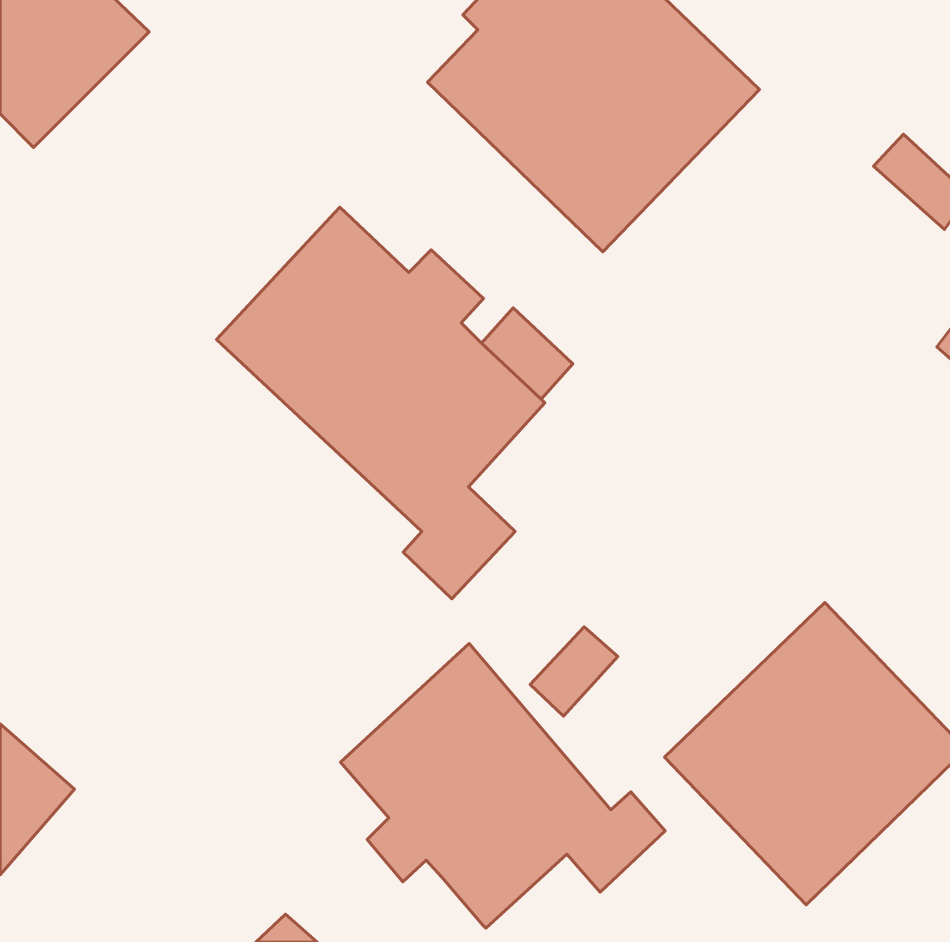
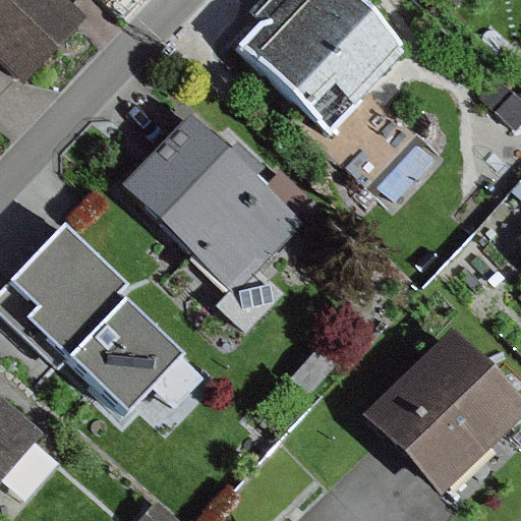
building: none -> [11,227,177,409]
building: [341,643,665,928] -> none

